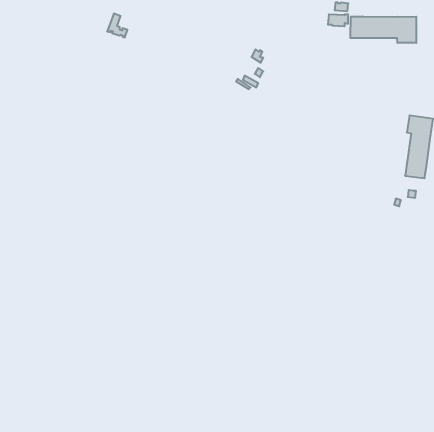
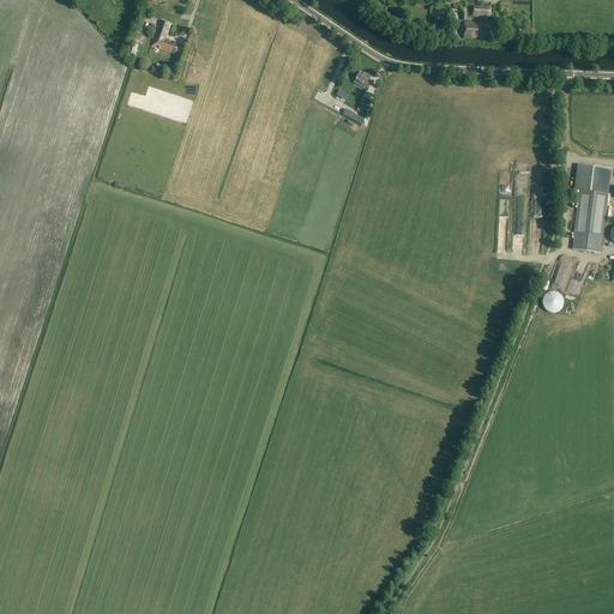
building: [350,17,416,43] -> none

